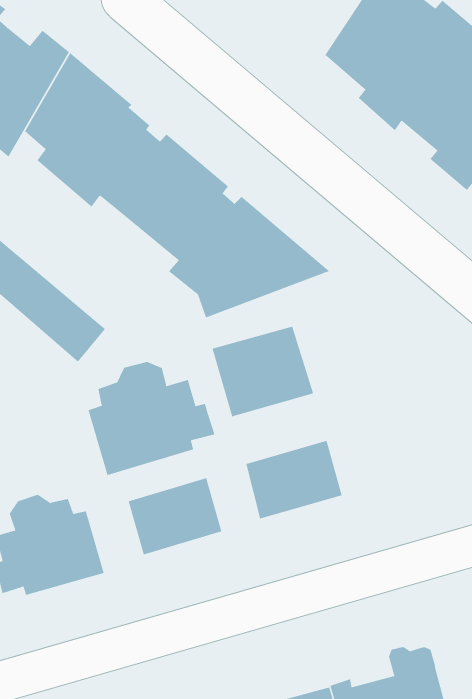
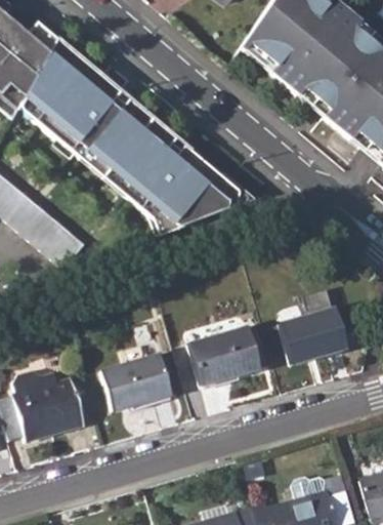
building: [212,326,314,417] -> none
building: [88,361,215,476] -> none
building: none -> [278,308,346,365]

